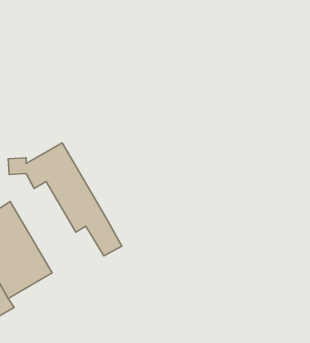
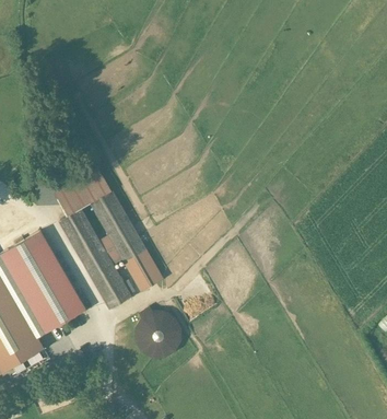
building: none -> [60,210,131,311]
building: none -> [136,310,181,359]

